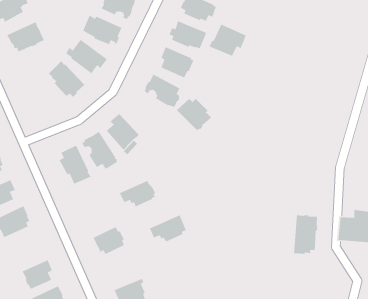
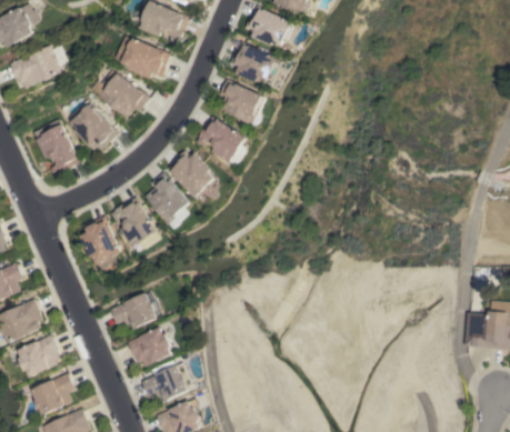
building: [209,23,247,57] -> none
building: none -> [31,119,79,174]
building: [176,98,212,131] -> [168,151,217,197]
building: [119,180,156,207] -> [110,291,161,329]
building: [149,214,187,243] -> [141,362,193,401]
building: [293,214,318,255] -> none
building: none -> [17,334,59,376]

